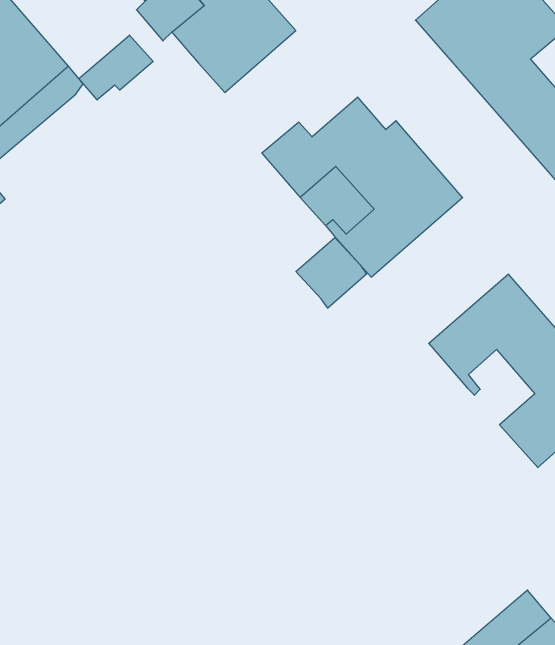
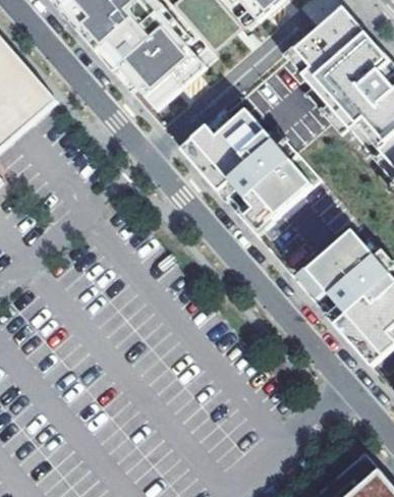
building: [79,35,153,100] -> none
building: [296,238,367,308] -> none
building: none -> [324,282,370,334]

